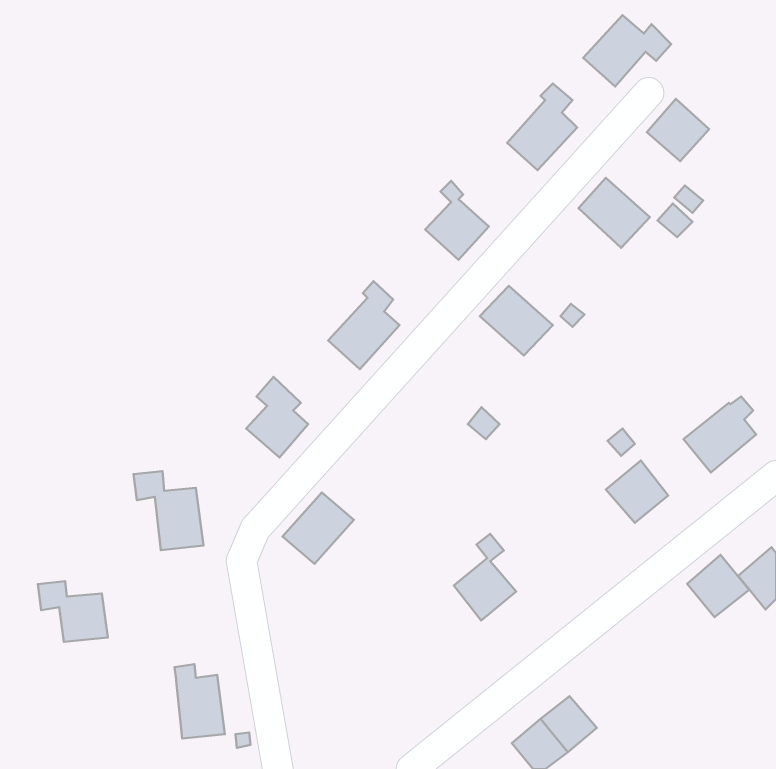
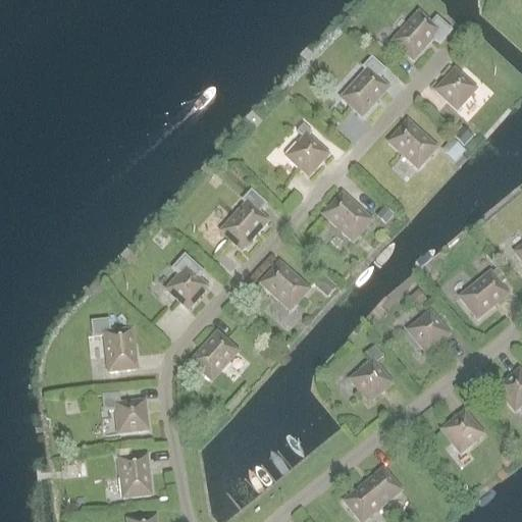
building: none -> [260,261,309,308]
building: [454,534,516,620] -> [350,343,392,401]
building: [687,555,749,617] -> [441,409,483,451]
building: [38,581,108,642] -> [101,390,148,431]

